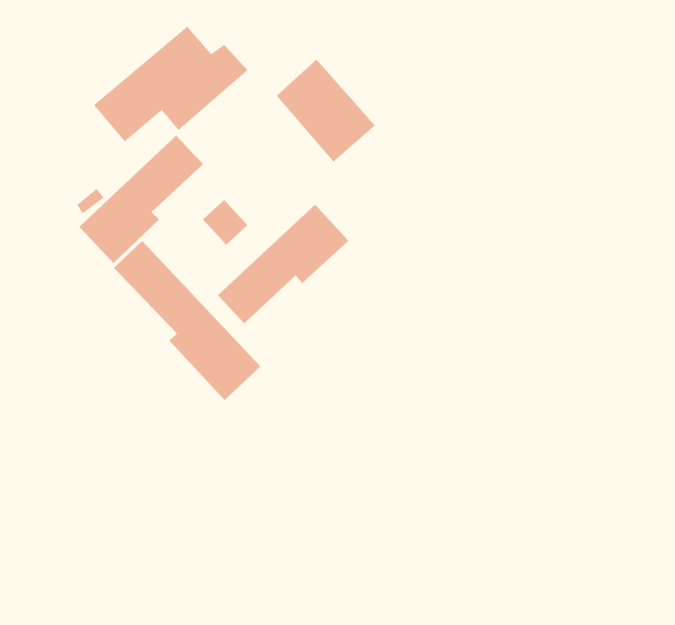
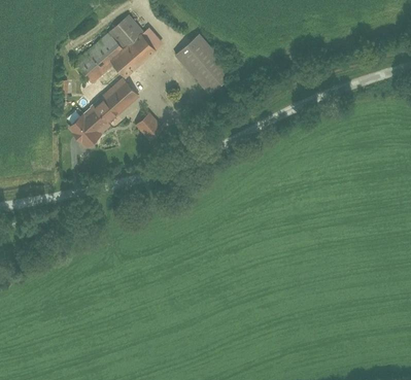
building: [217,204,349,324] -> none
building: [113,240,261,401] -> none

